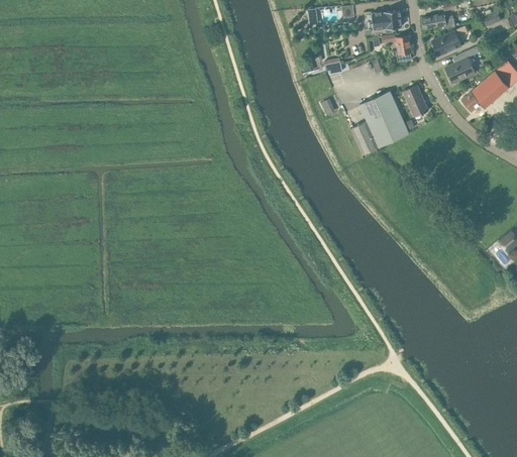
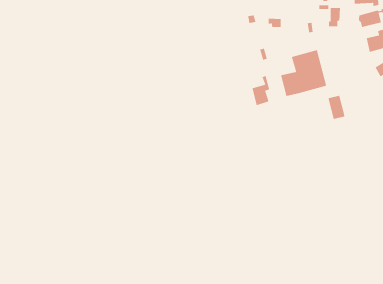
building: [403,85,428,116] -> [328,95,345,120]
building: none -> [251,75,270,106]

